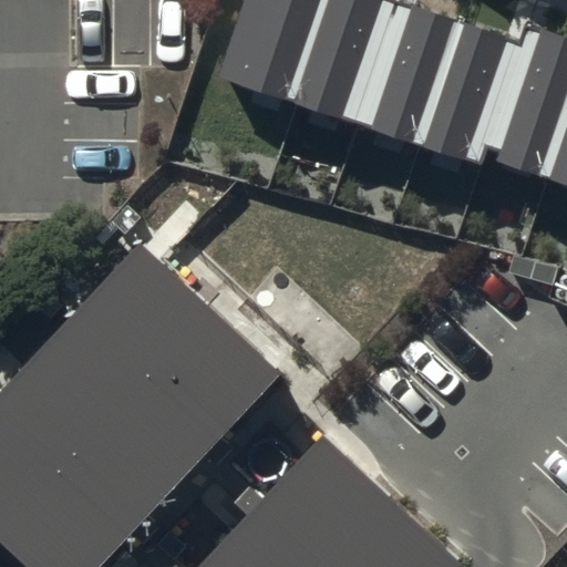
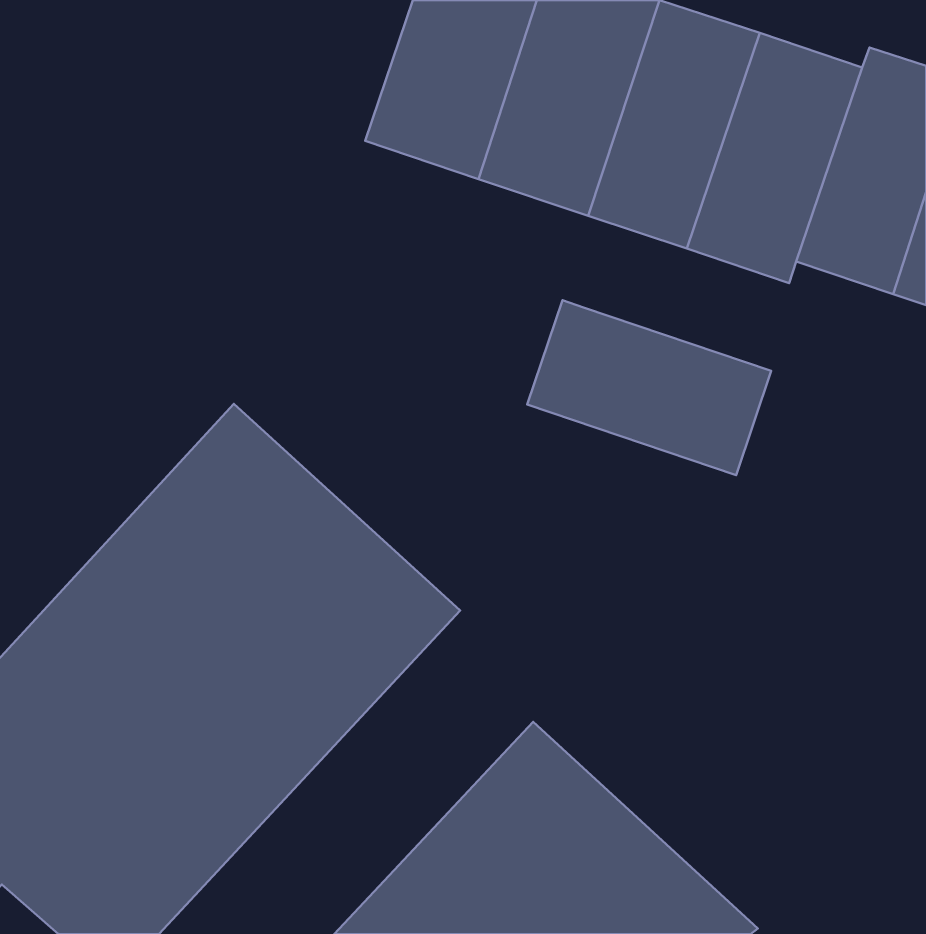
building: none -> [527,300,771,475]

